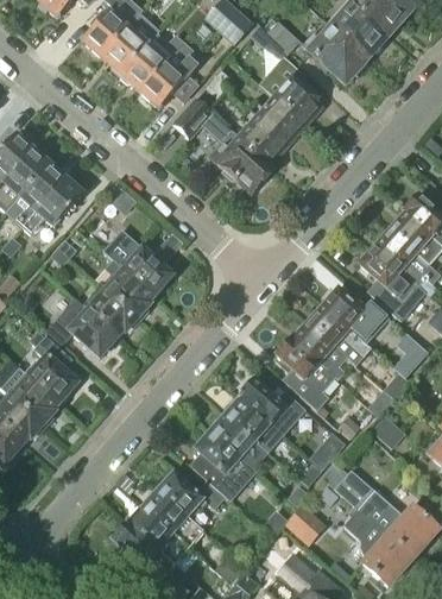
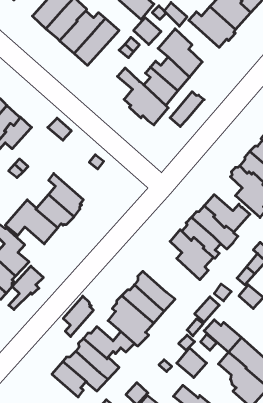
building: none -> [134,18,161,45]
building: [173,99,213,138] -> none
building: none -> [170,92,204,127]
building: [102,231,172,296] -> none
building: [238,379,304,435] -> none
building: none -> [9,266,43,310]
building: none -> [63,296,93,337]

